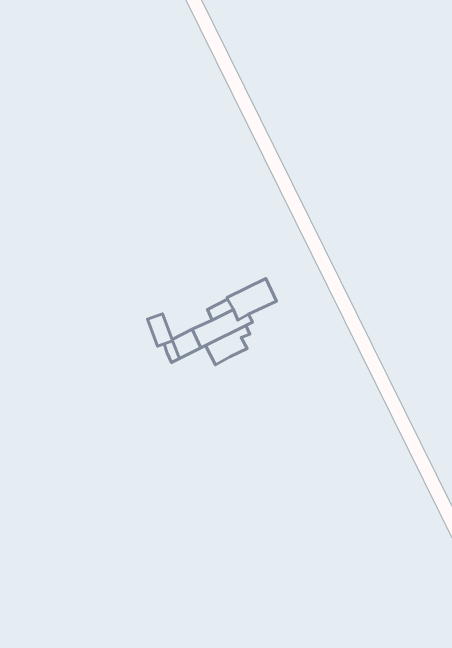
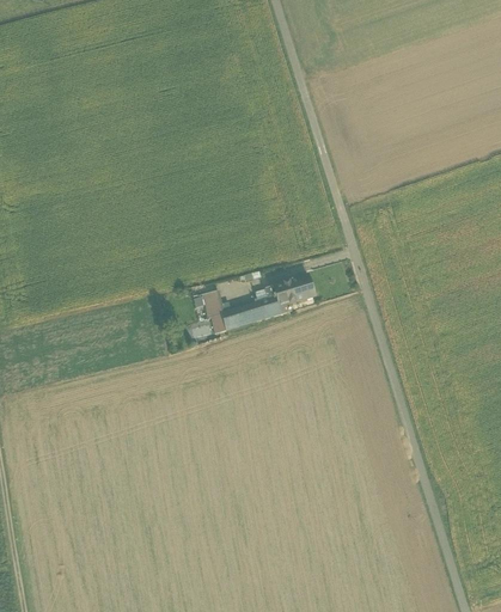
building: [206,326,250,365] -> none

